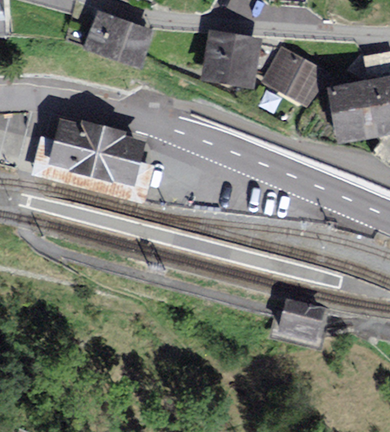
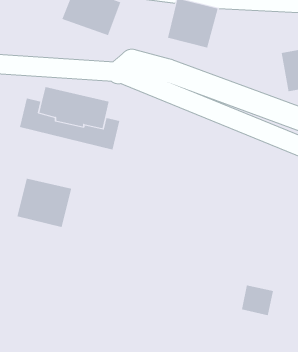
building: [261,41,329,106] -> none
building: none -> [17,178,72,228]
building: [283,301,320,336] -> [241,285,274,316]

